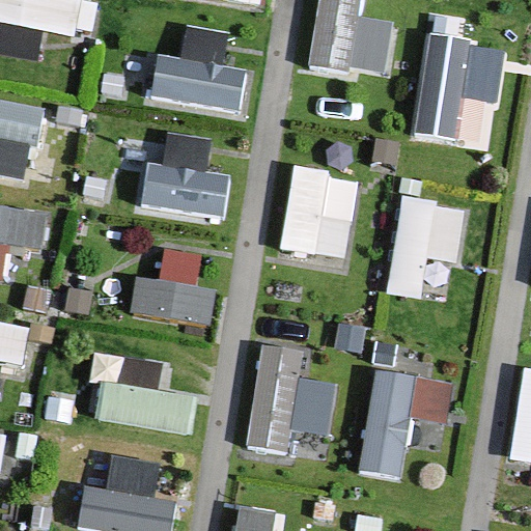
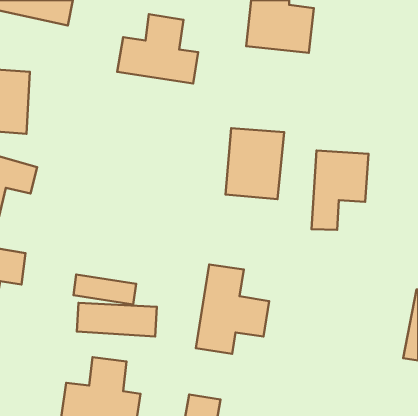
building: [407,33,507,148] -> none
building: [141,134,230,216] -> none
building: [132,248,216,325] -> none
building: [363,370,449,476] -> none

